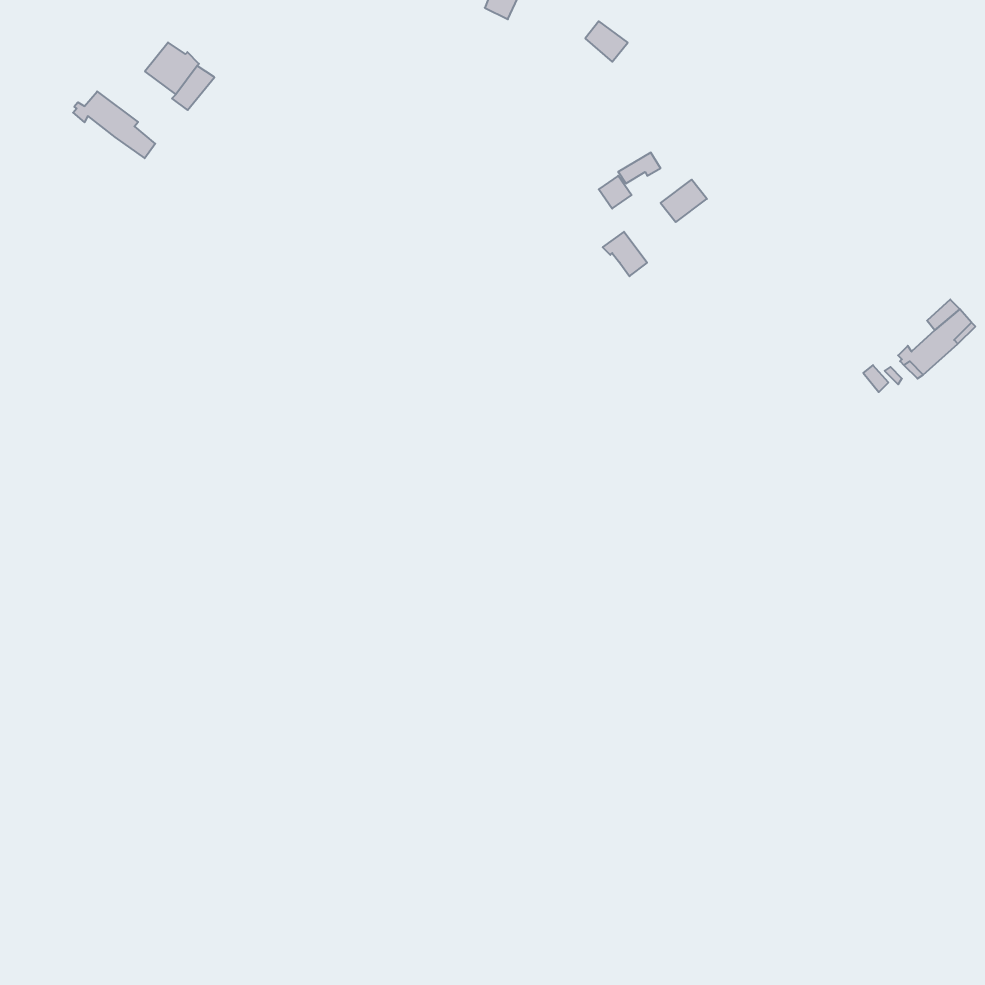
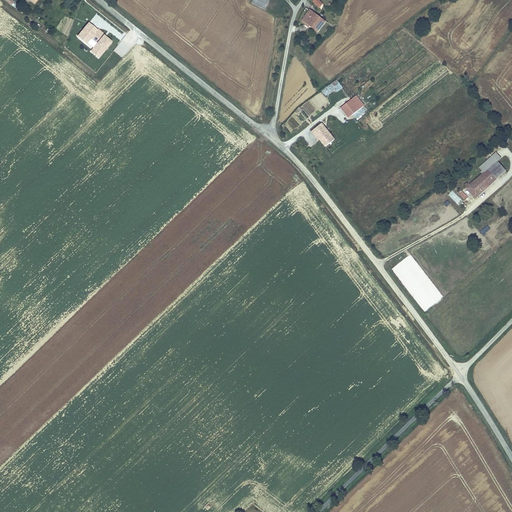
building: [73,91,155,158] -> none

